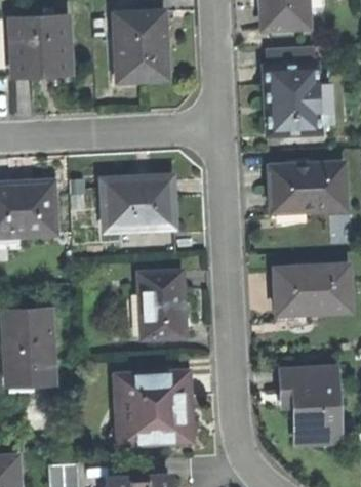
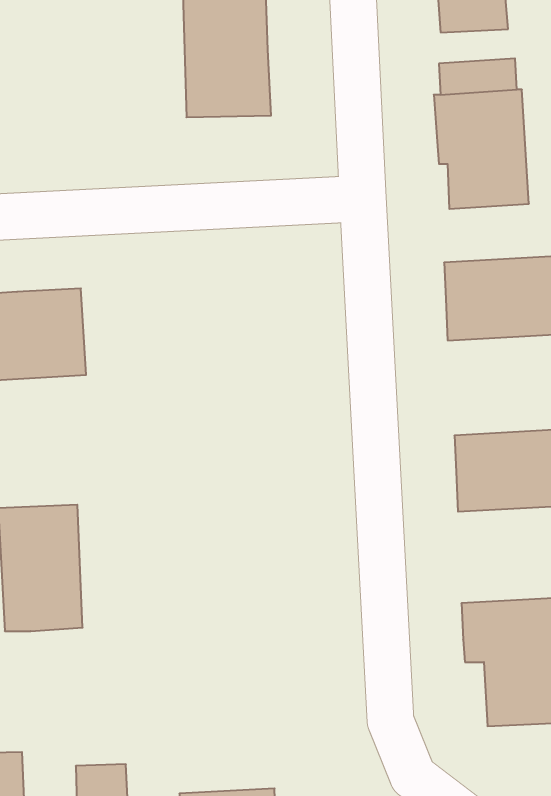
building: [11,17,72,76] -> none
building: [103,176,174,231] -> none
building: [138,270,187,338] -> none
building: [118,373,192,443] -> none

